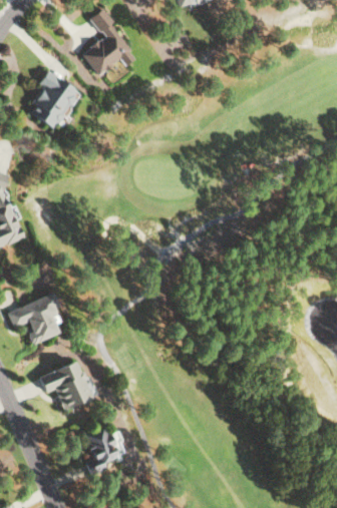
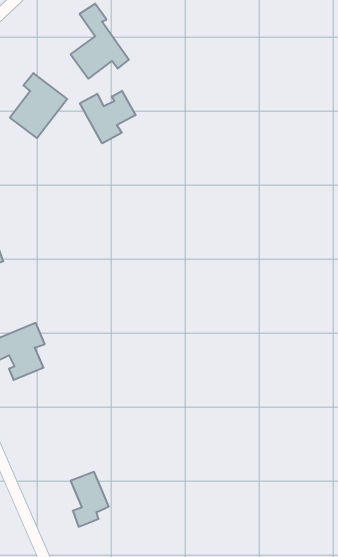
building: none -> [80,91,136,143]
building: [38,362,90,410] -> none

